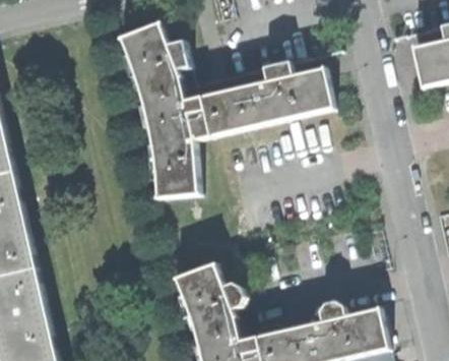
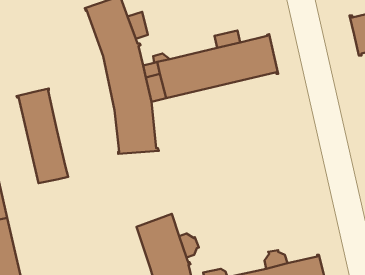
building: none -> [17,89,68,183]

